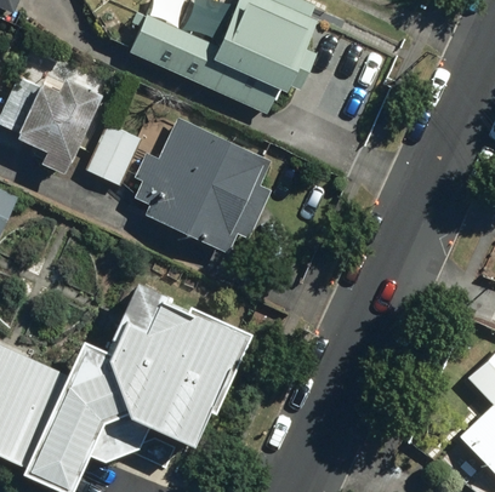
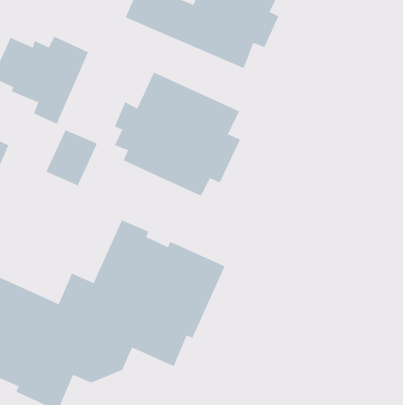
building: [80,124,138,187] -> [45,129,98,186]

